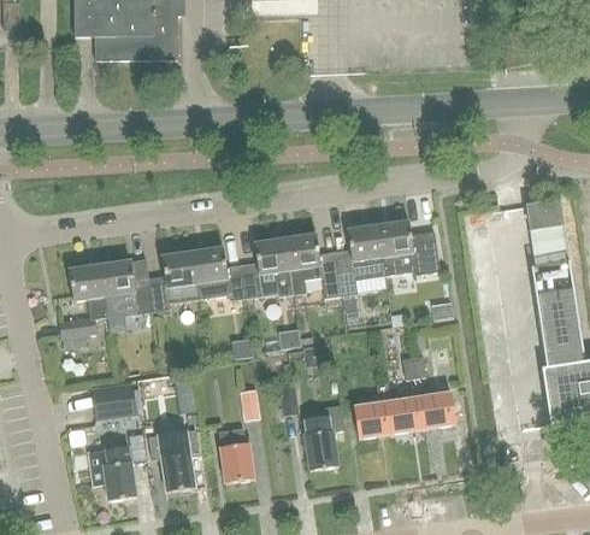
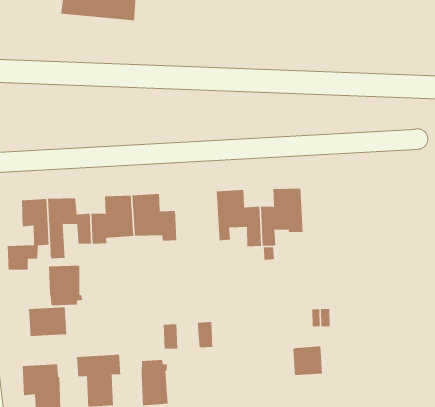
building: [378,221,439,275] -> none
building: [242,237,293,296] -> none
building: none -> [48,265,83,306]
building: [353,383,390,440] -> none
building: [417,393,454,429] -> none
building: [305,404,343,470] -> none

